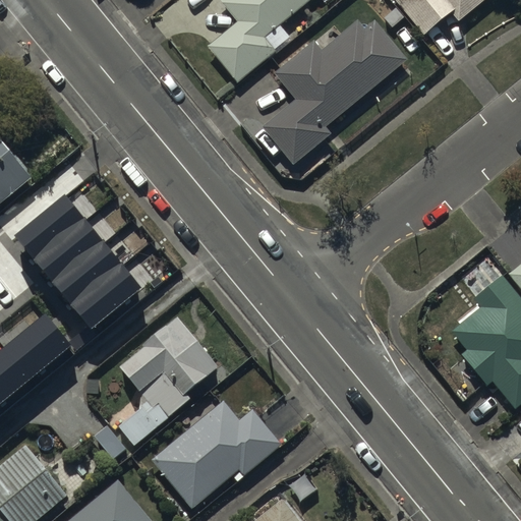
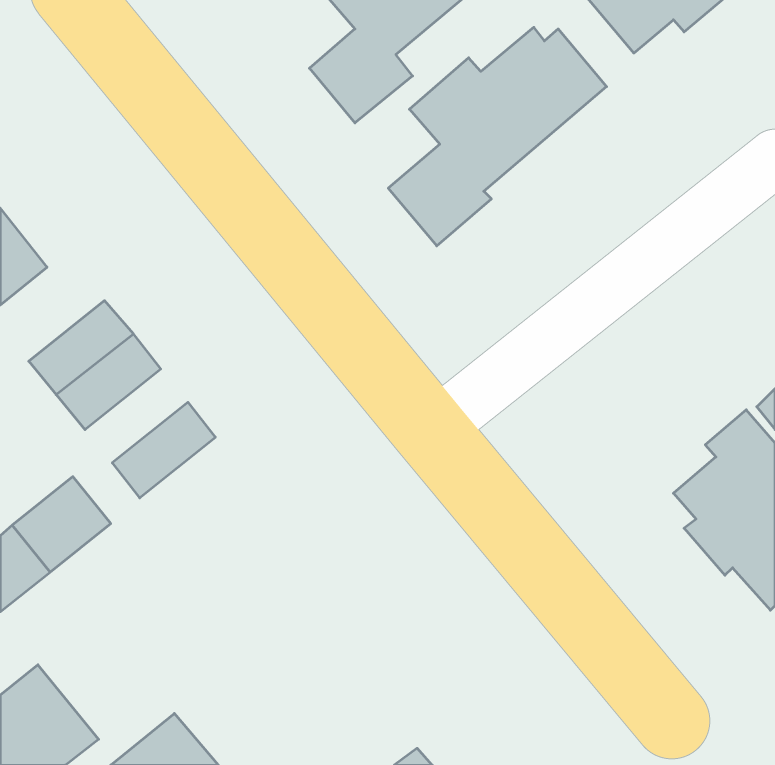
building: [57,247,126,310] -> none
building: [117,312,216,440] -> none
building: [153,400,281,507] -> none

